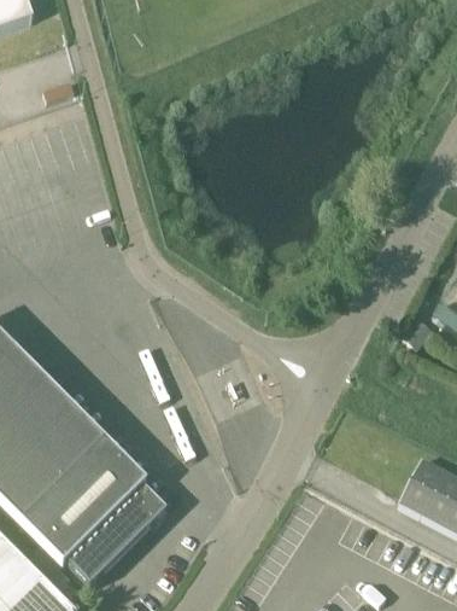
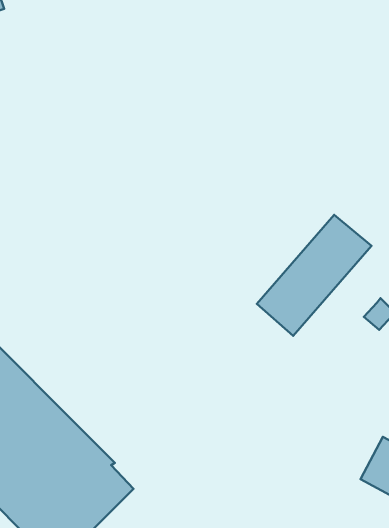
building: none -> [257,215,372,336]

